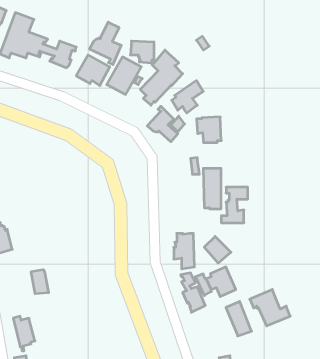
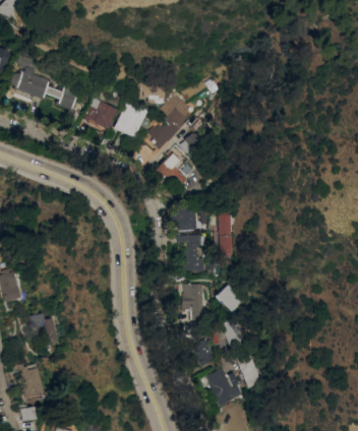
building: [90,22,121,65] -> none
building: [197,117,221,142] -> [173,203,198,230]
building: [221,187,248,223] -> [182,235,210,271]
building: [250,289,290,326] -> [203,366,245,404]

